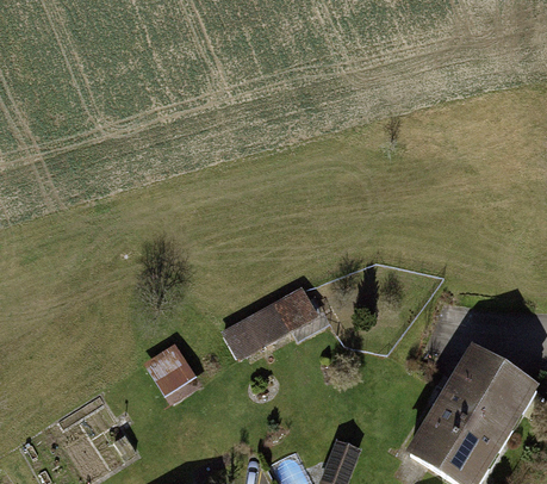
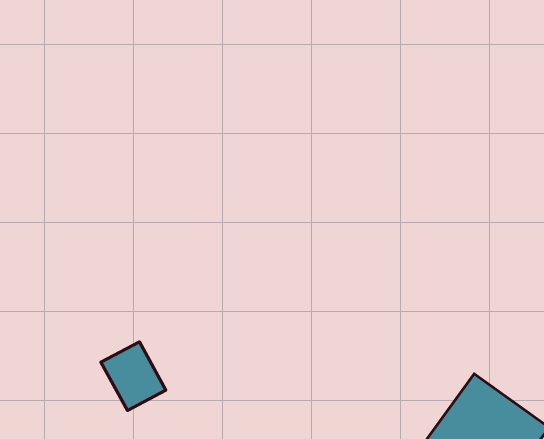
building: [218,288,317,354] -> none

